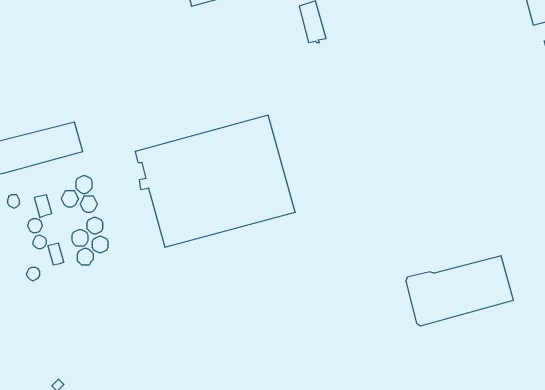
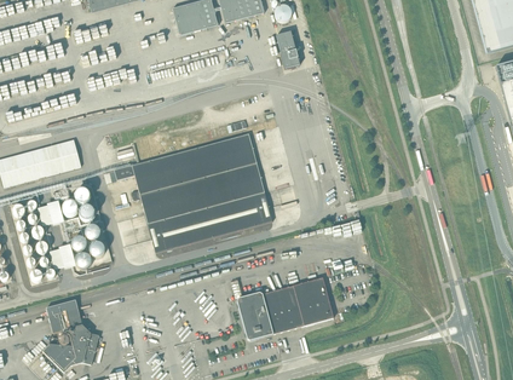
building: [406,256,513,326] -> [237,276,334,339]
building: none -> [42,298,99,370]

